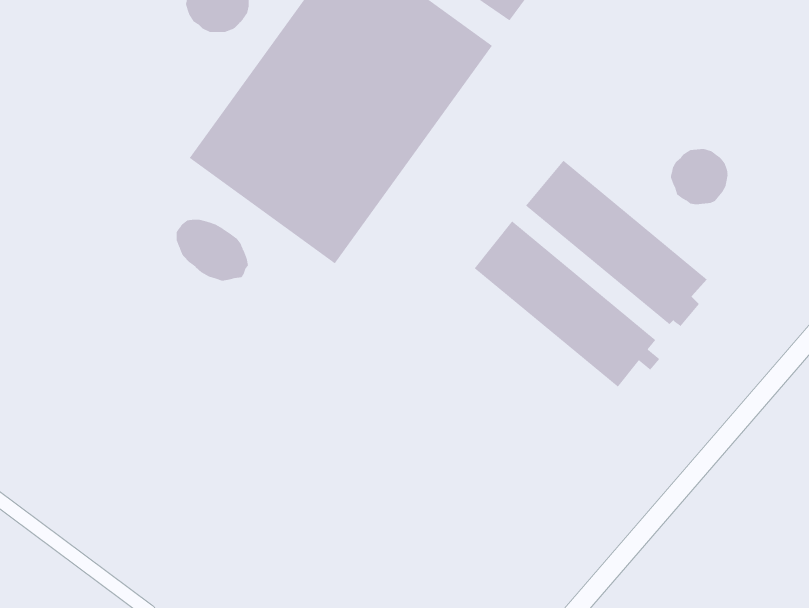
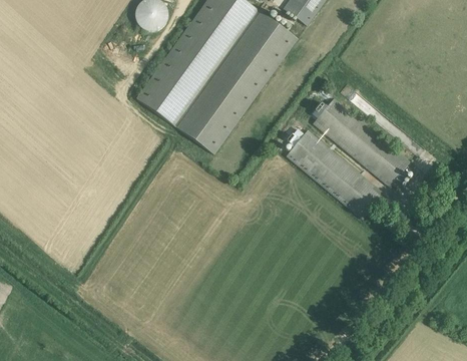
building: [670,148,728,205] -> none
building: [176,219,248,282] -> none

